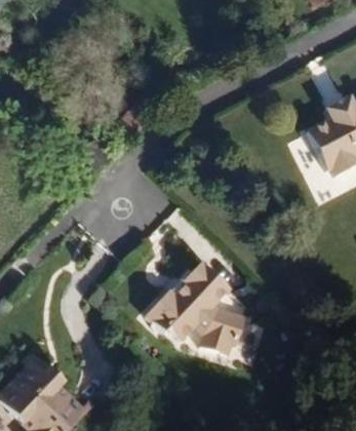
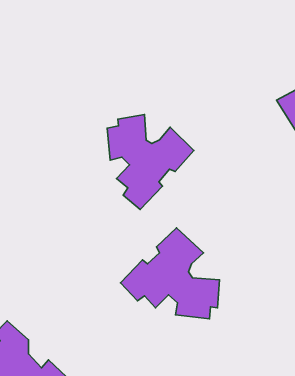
building: none -> [107,115,194,210]

